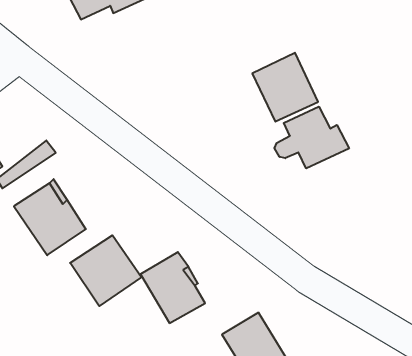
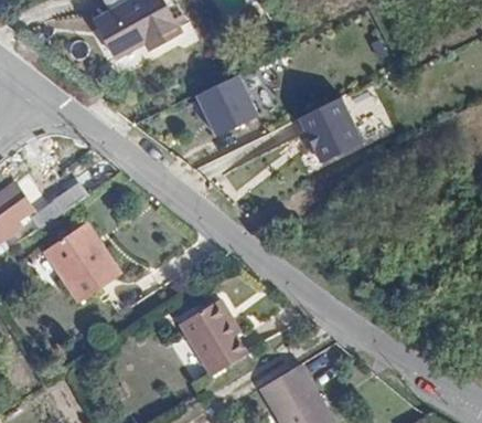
building: none -> [192,71,258,137]
building: [274,107,349,168] -> none
building: [70,235,141,306] -> none

